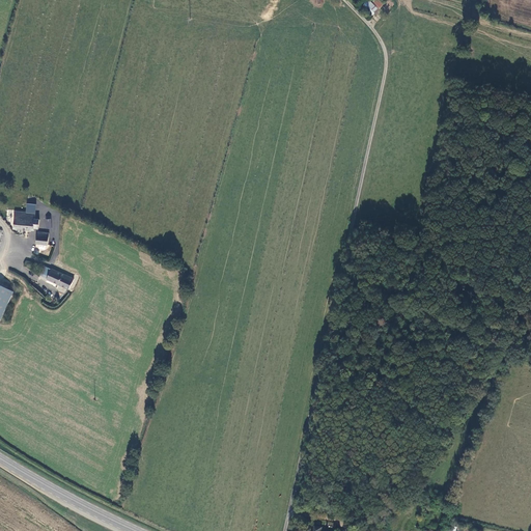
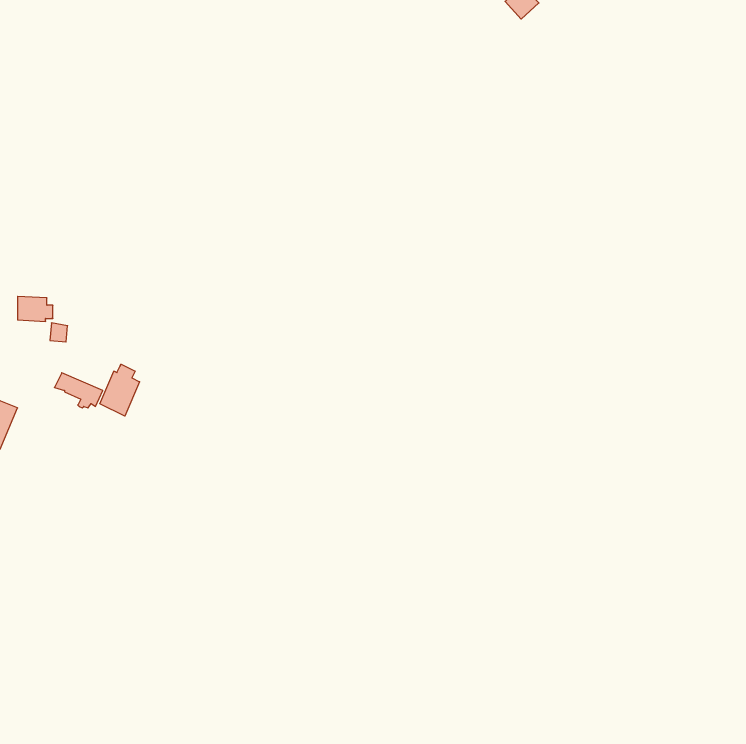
building: none -> [100,364,140,416]

